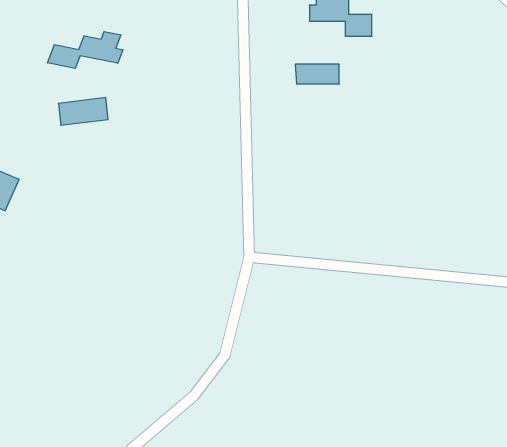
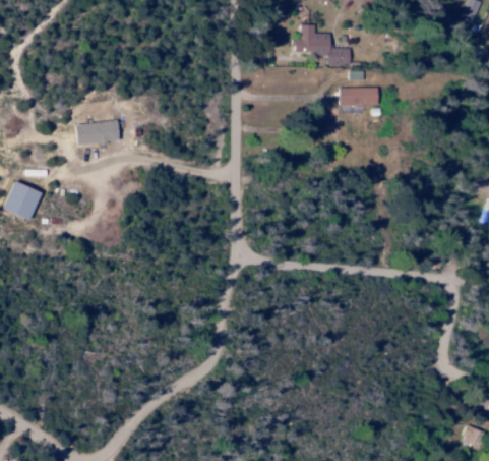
building: [47,31,123,68] -> none
building: [295,64,339,84] -> [340,88,378,105]

